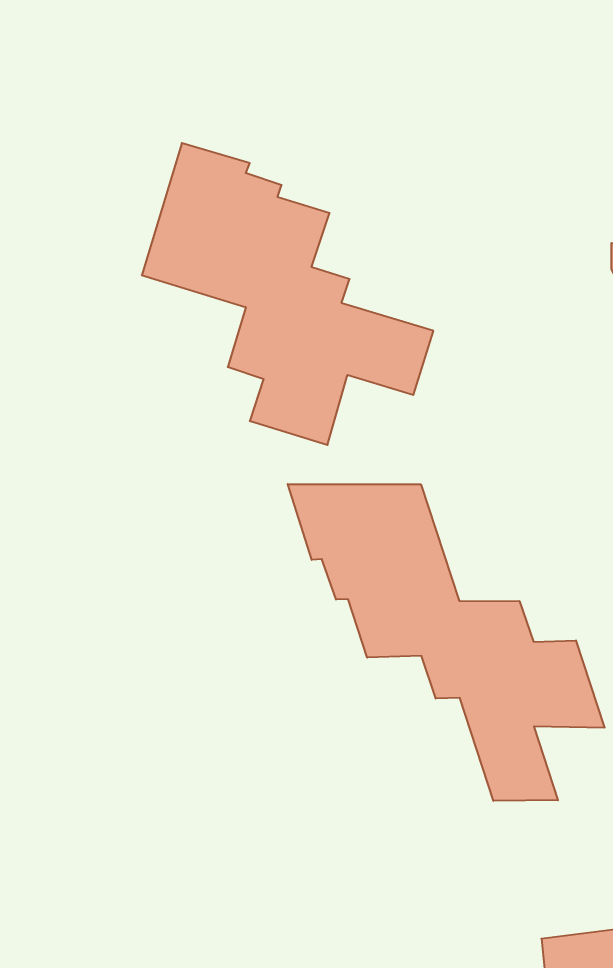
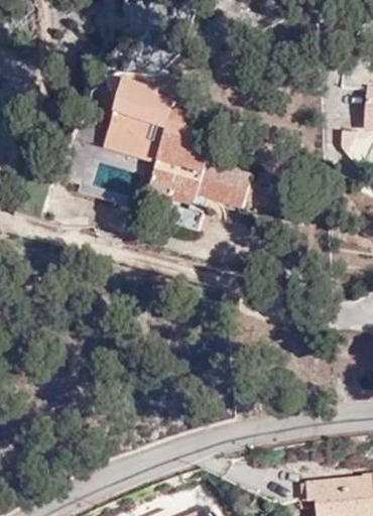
building: [288,484,605,801] -> none

